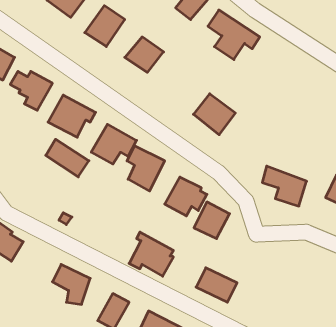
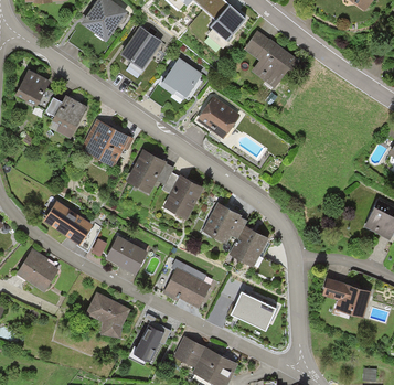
building: [193,94,235,135] -> [195,95,238,137]
building: [46,139,89,177] -> [45,202,89,240]
building: [262,166,307,206] -> [322,275,368,316]
building: none -> [106,236,146,271]

